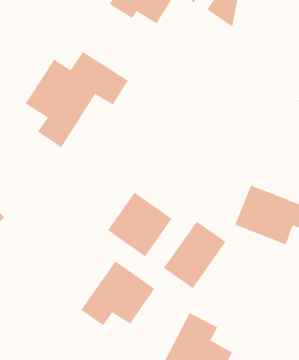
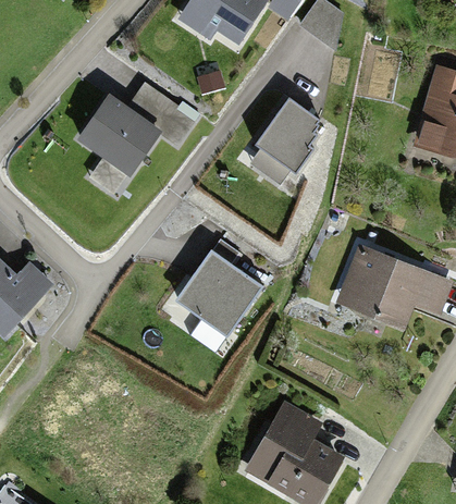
building: none -> [262,101,319,174]
building: [163,221,226,289] -> none
building: [81,260,155,326] -> none

